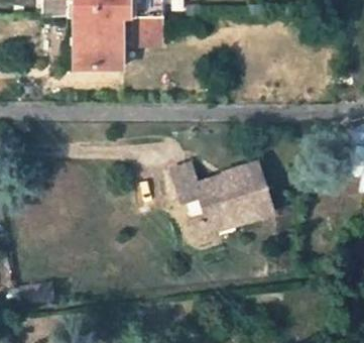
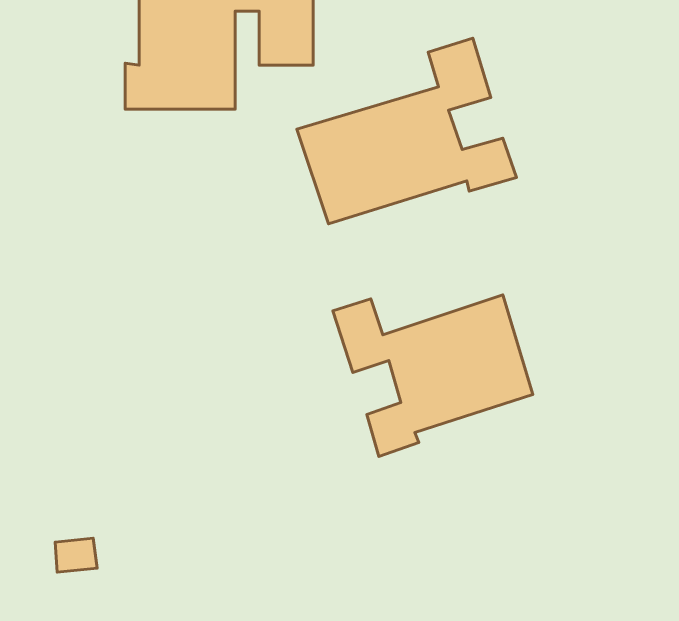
building: none -> [297,38,517,224]

